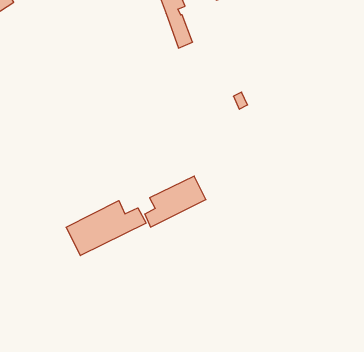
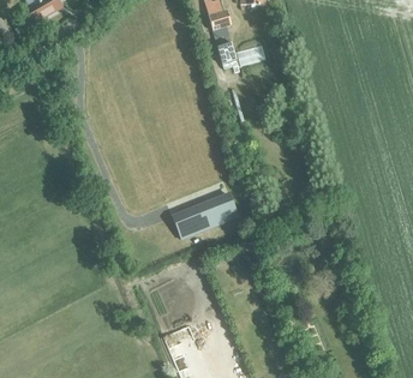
building: [66,201,146,256] -> none

